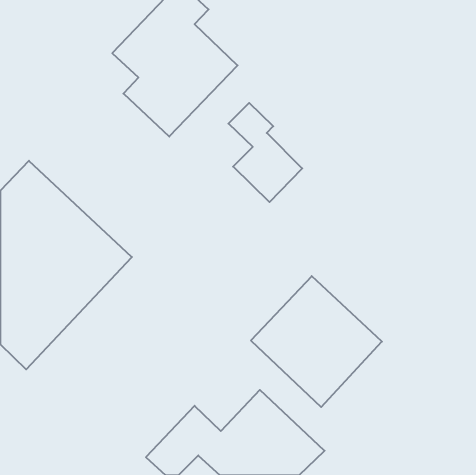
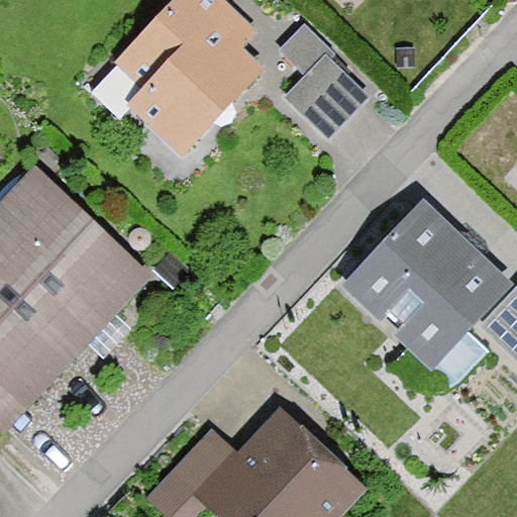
building: [228,103,302,202] -> [284,26,364,133]
building: [251,276,382,407] -> [357,213,499,354]

